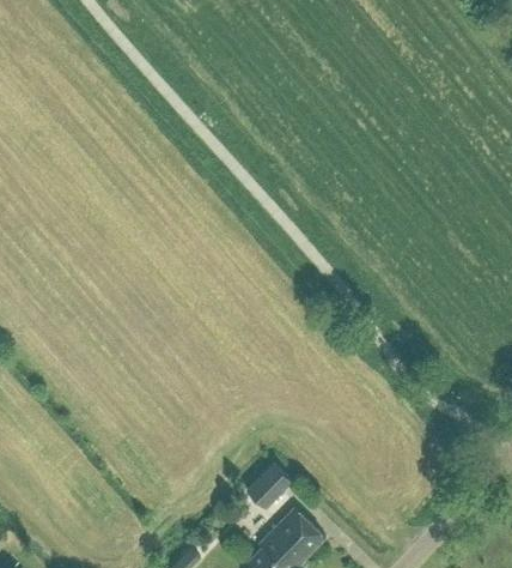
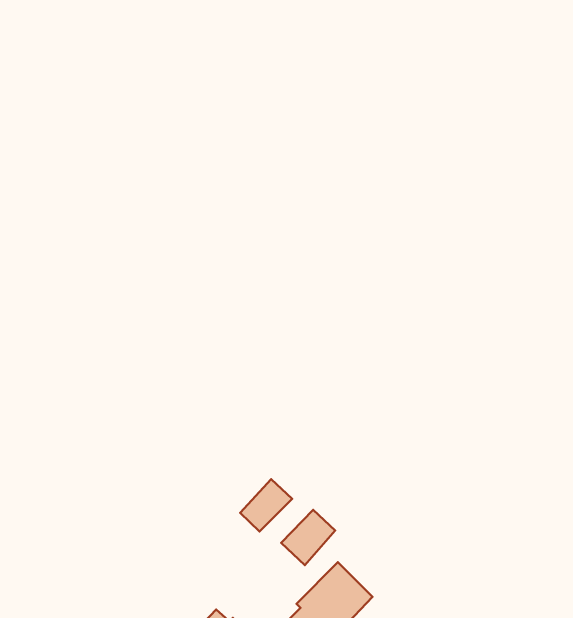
building: none -> [240,479,292,531]

